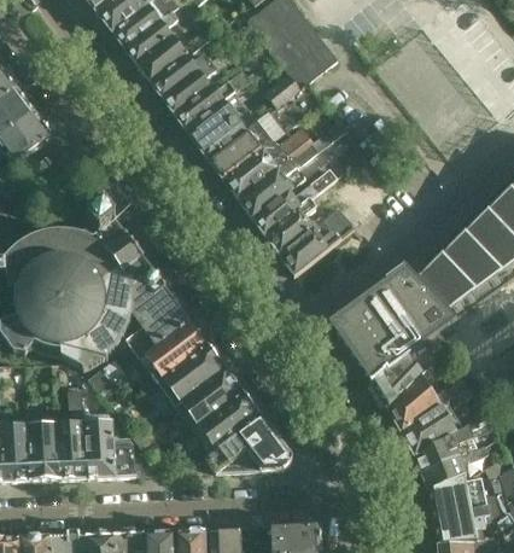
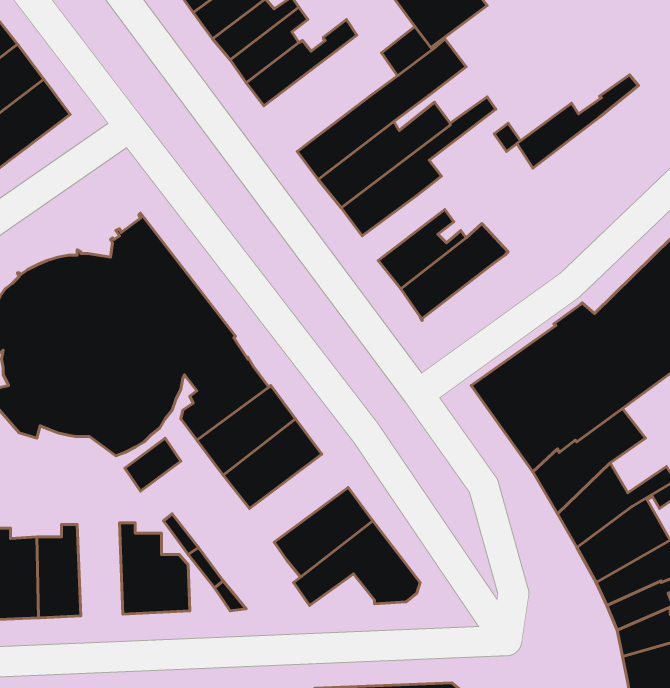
building: [186,91,259,159] -> none
building: [253,170,337,234] -> [517,75,638,168]
building: [176,367,244,427] -> none
building: [58,388,92,478] -> none

